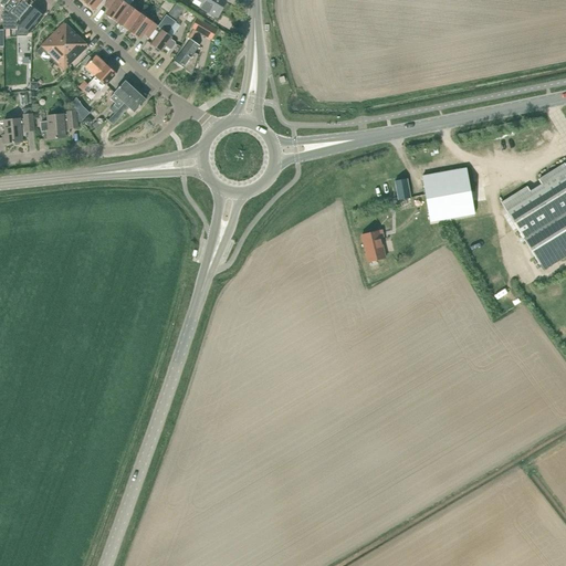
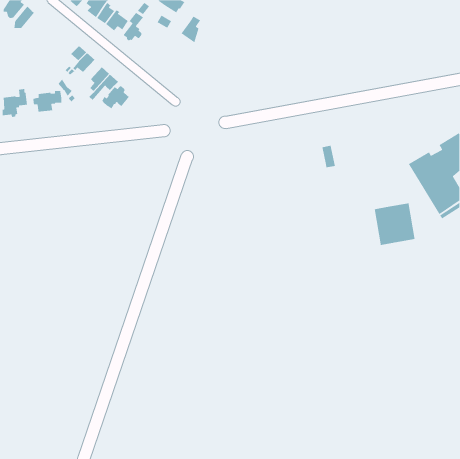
building: [35,21,88,69] -> none
building: [175,39,200,73] -> [181,16,201,44]
building: none -> [101,85,130,109]
building: [422,168,473,221] -> [374,203,415,246]
building: [361,229,385,261] -> none

